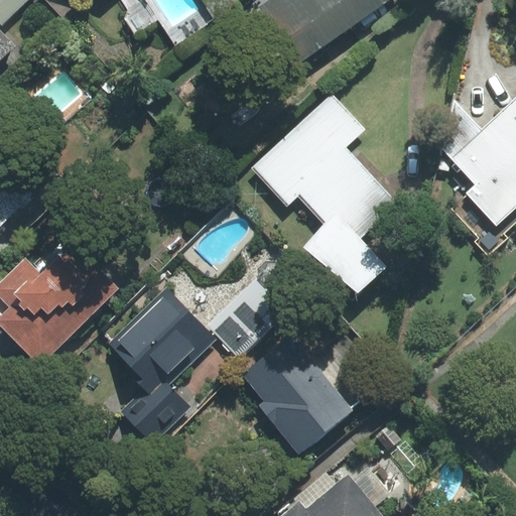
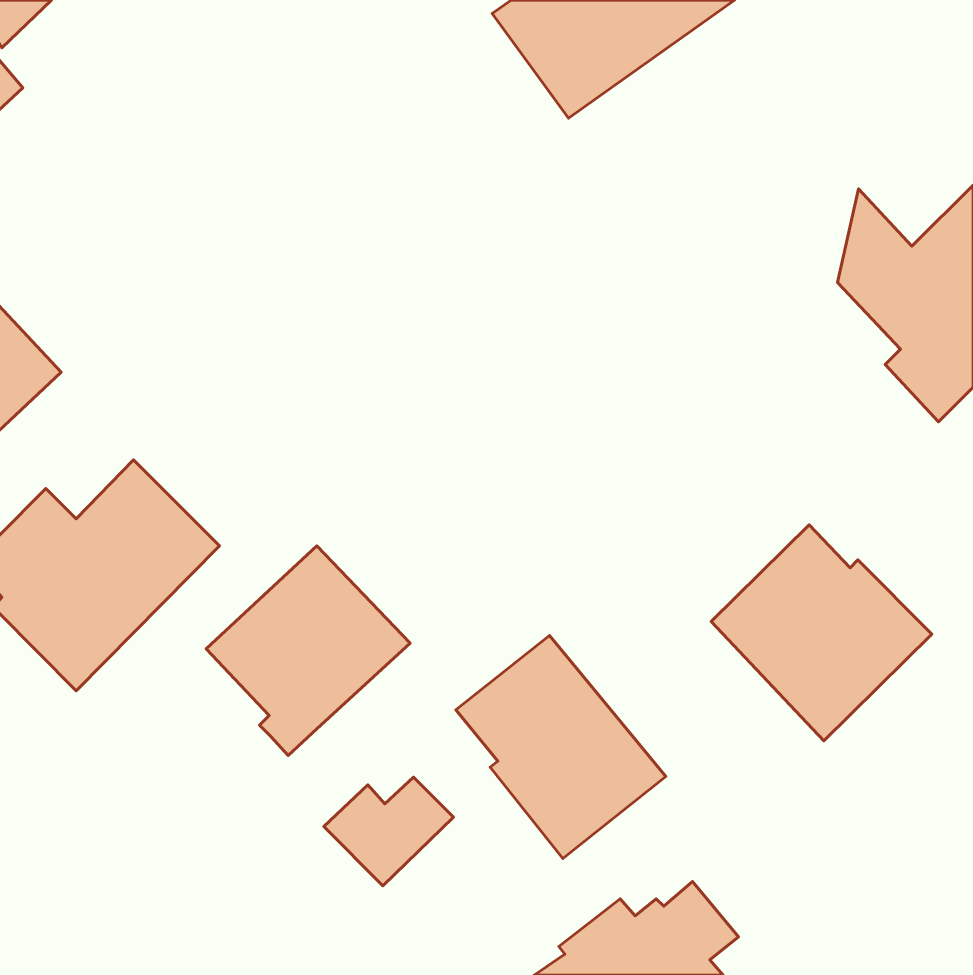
building: [255,95,398,292] -> none
building: none -> [711,525,932,741]
building: [208,280,285,357] -> none
building: [120,385,188,442] -> [324,777,454,886]

